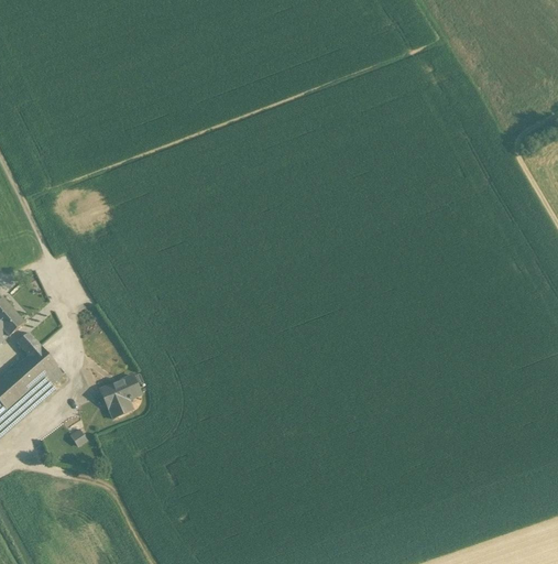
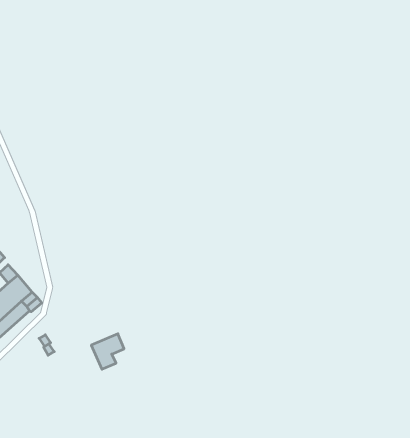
building: [97,375,138,419] -> [91,334,124,369]

